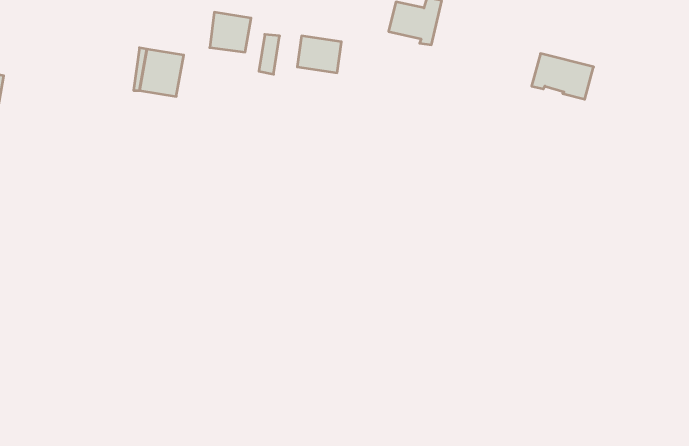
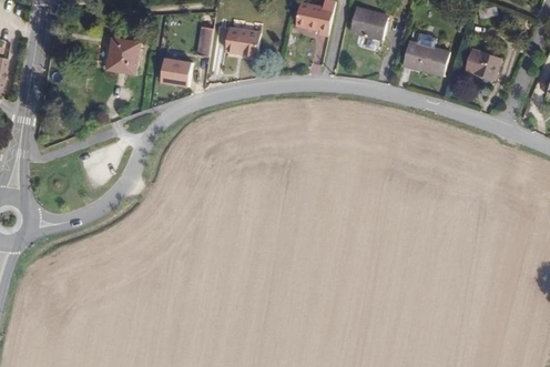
building: none -> [349,7,388,40]
building: [210,12,251,52] -> [160,58,191,88]
building: none -> [465,48,501,79]

